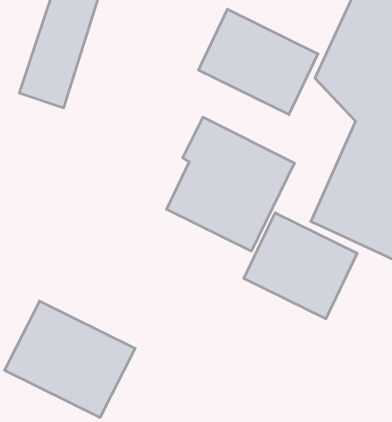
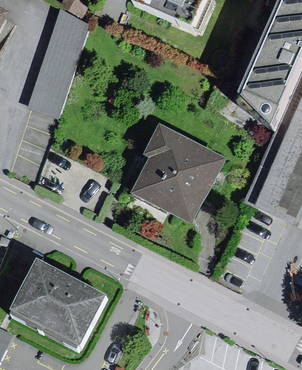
building: [199,9,318,115] -> none
building: [244,213,357,319] -> none

